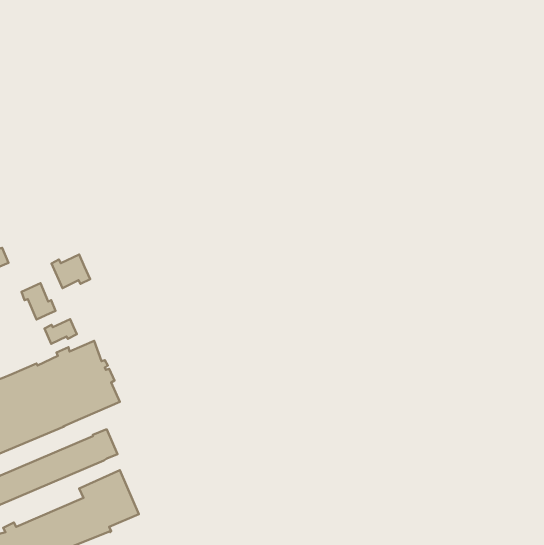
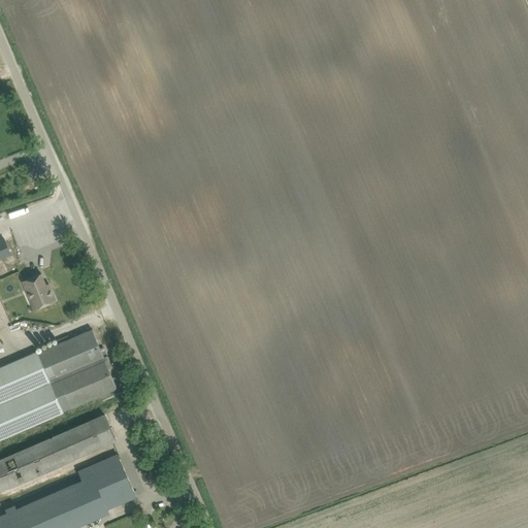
building: [51,254,90,288] -> none
building: [44,319,77,344] -> none

